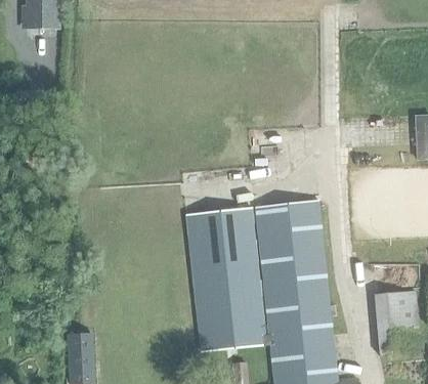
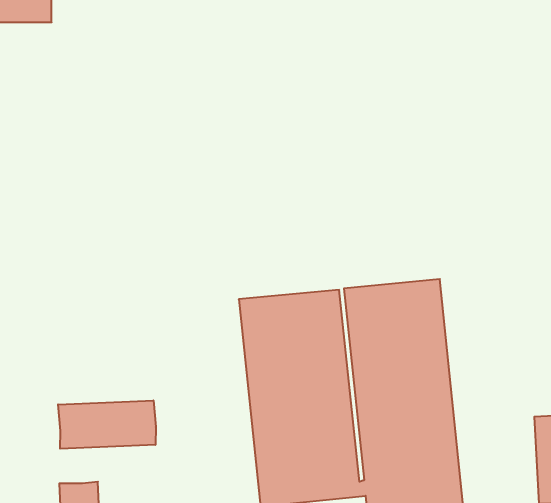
building: none -> [58,400,156,449]

